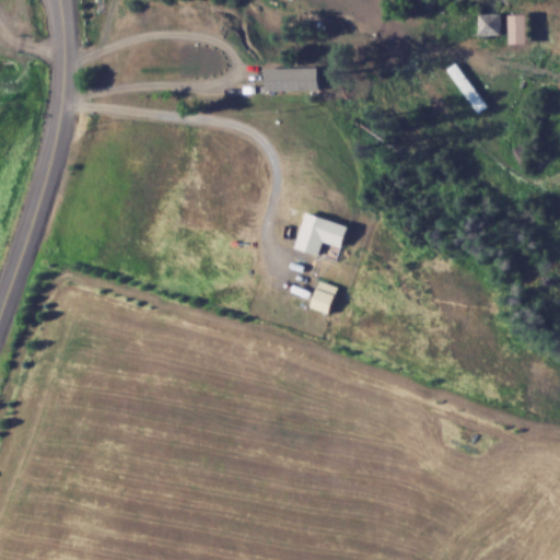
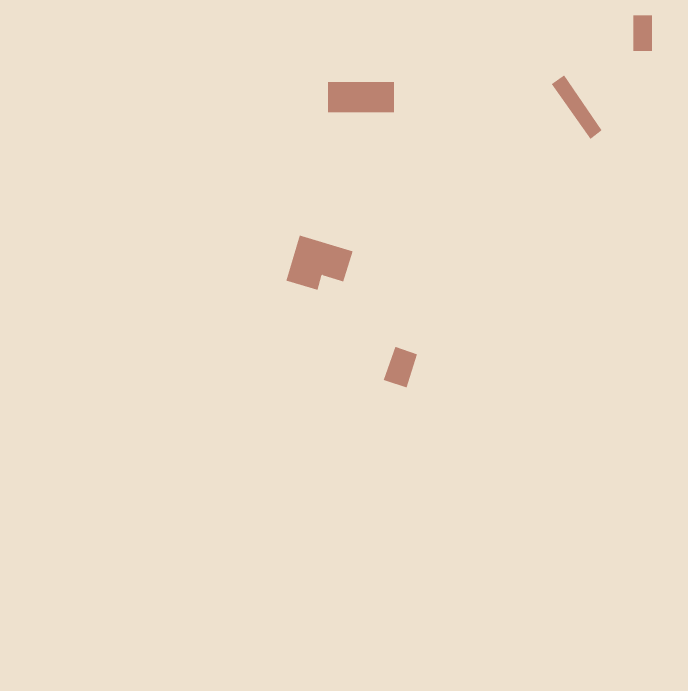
building: [478,14,501,36] -> none
building: [293,212,348,257] -> [286,235,353,290]

